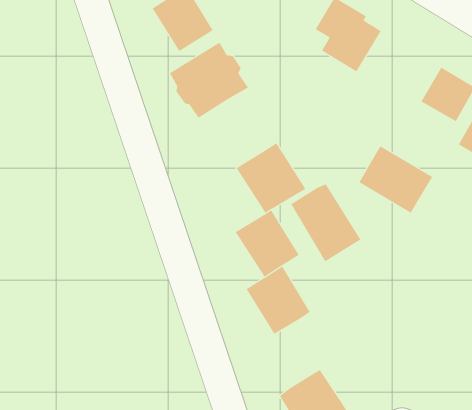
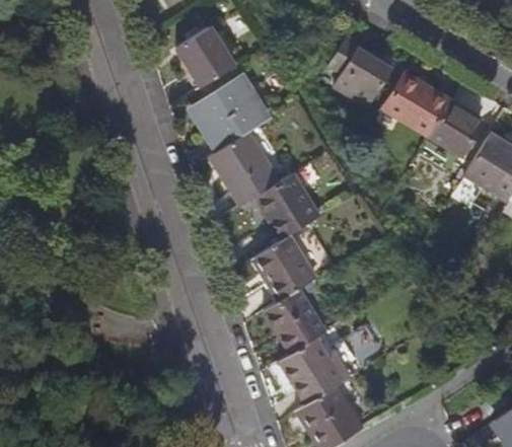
building: none -> [210,132,280,205]
building: [358,145,433,213] -> [379,70,449,134]
building: [290,183,361,262] -> none
building: none -> [280,338,342,403]

